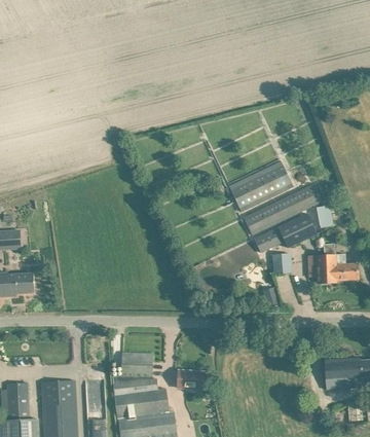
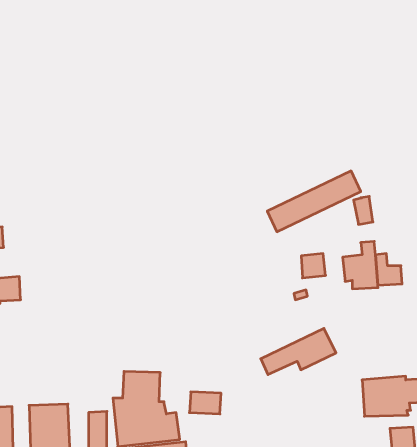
building: [228,160,292,211] -> none
building: [253,213,317,252] -> [261,328,336,375]

